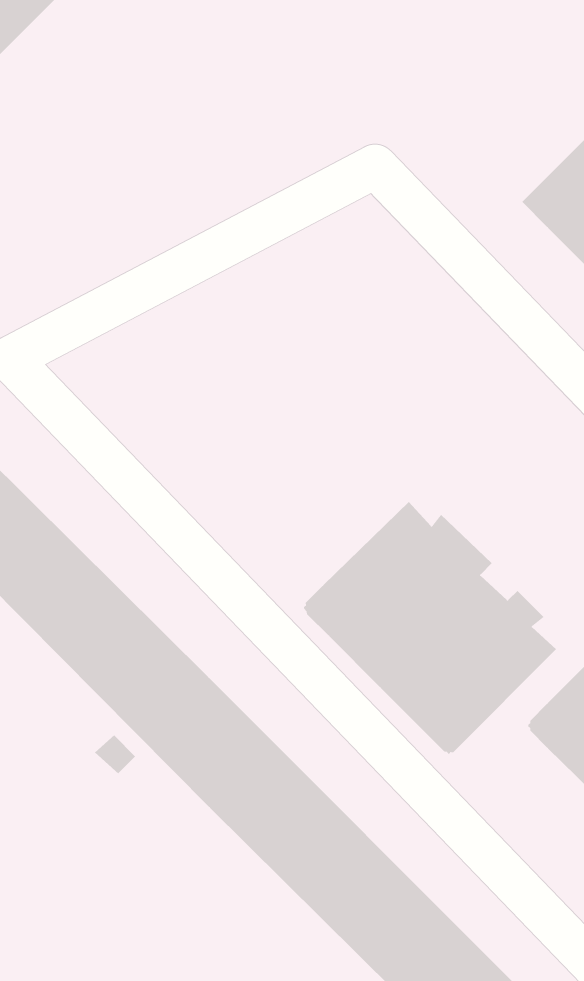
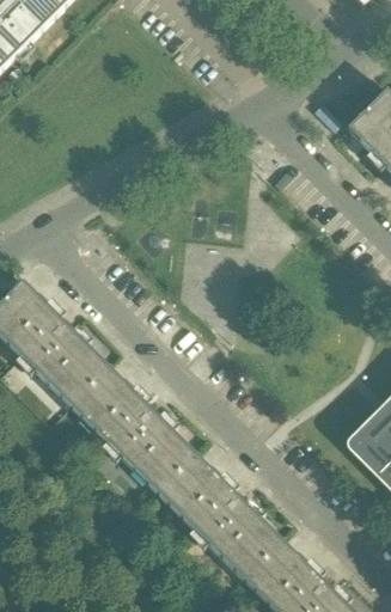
building: [303,501,557,755] -> none

